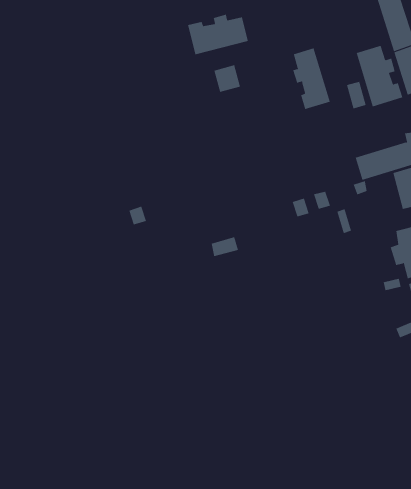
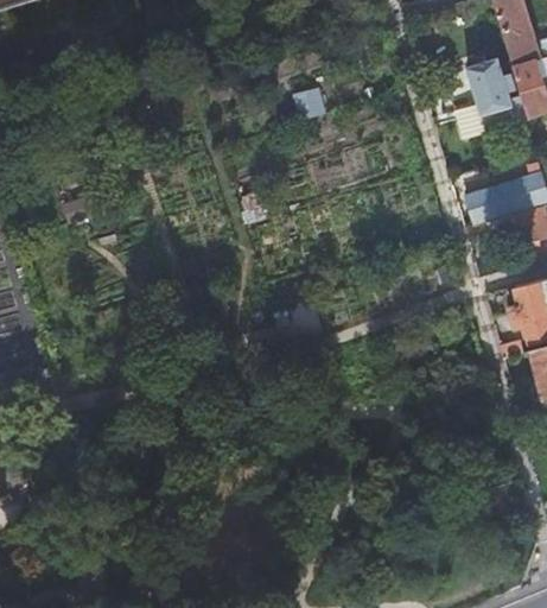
building: [187,14,248,55] -> none
building: [292,48,331,110] -> none

